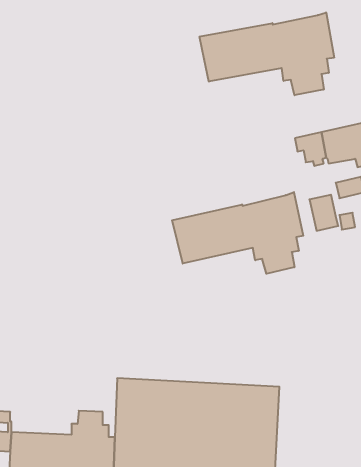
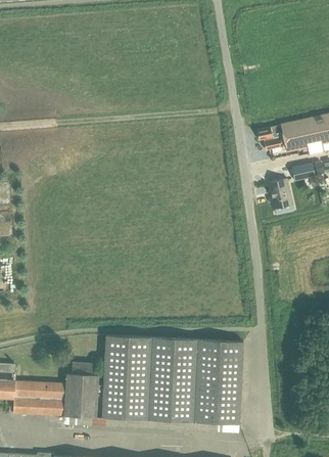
building: [200,12,334,95] -> none
building: [172,192,303,274] -> none

